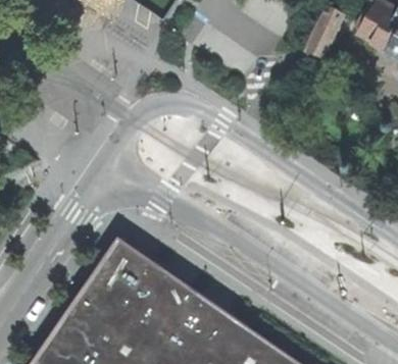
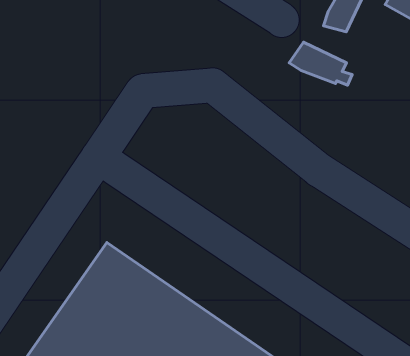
building: none -> [289,42,352,85]

